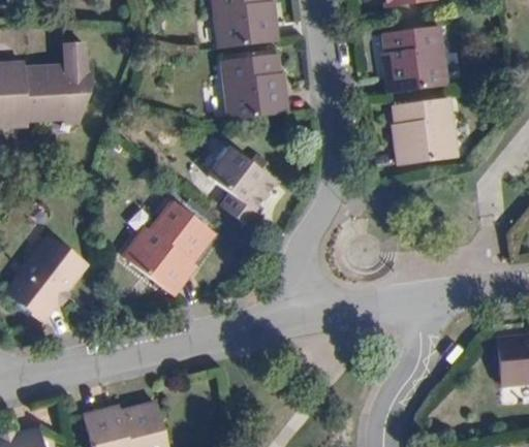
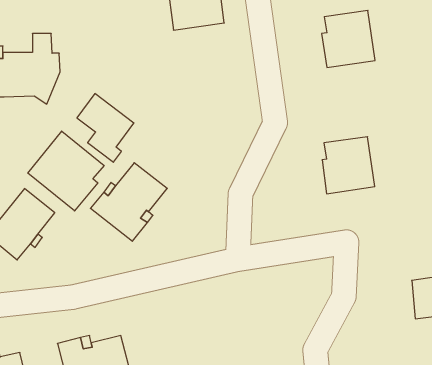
building: [221,56,287,123] -> none
building: [401,95,462,161] -> [322,137,375,194]
building: [206,146,272,225] -> [77,94,134,162]
building: none -> [28,131,104,211]

